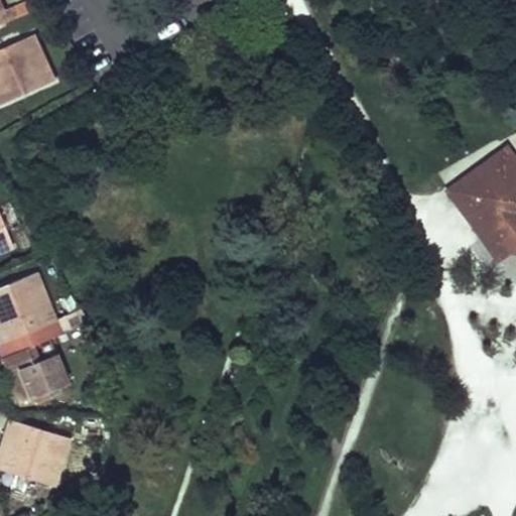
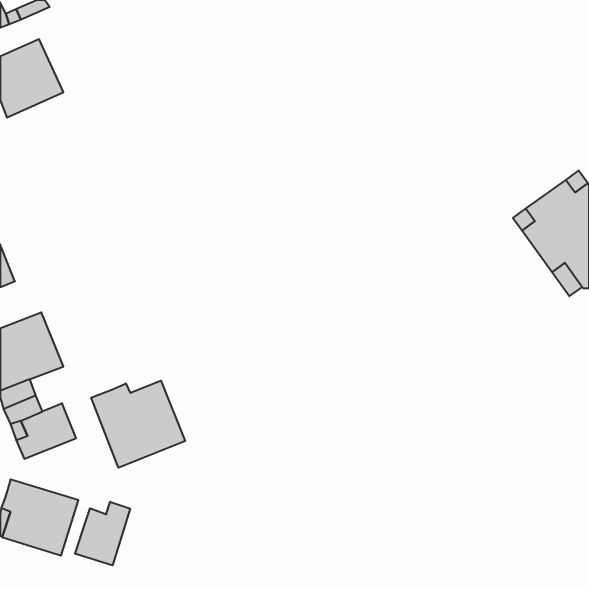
building: none -> [91,381,185,468]
building: none -> [75,502,130,565]

